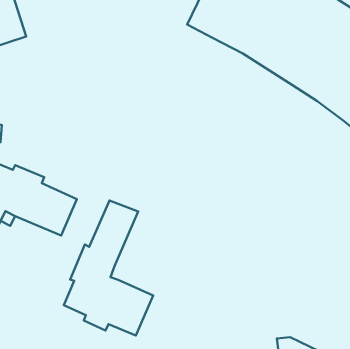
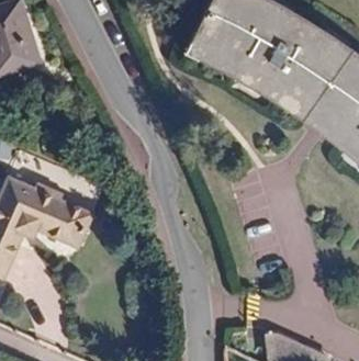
building: [64,200,153,335] -> none

